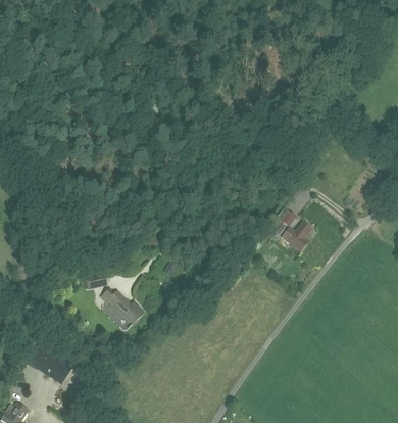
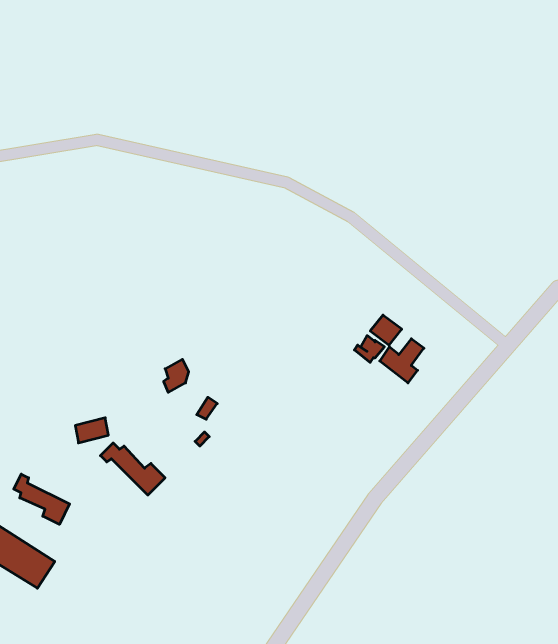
building: none -> [14,474,70,524]

